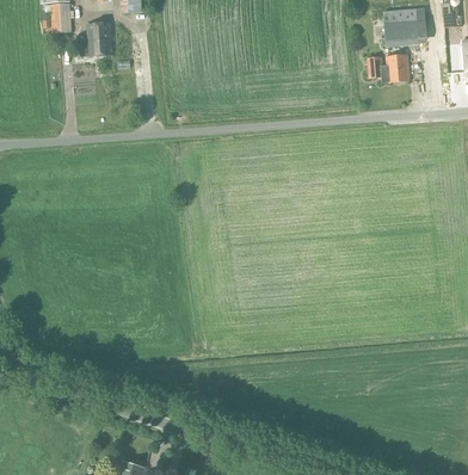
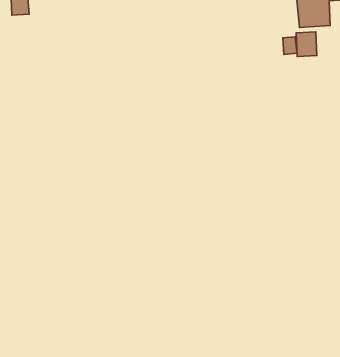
building: [76,23,113,56] -> none

